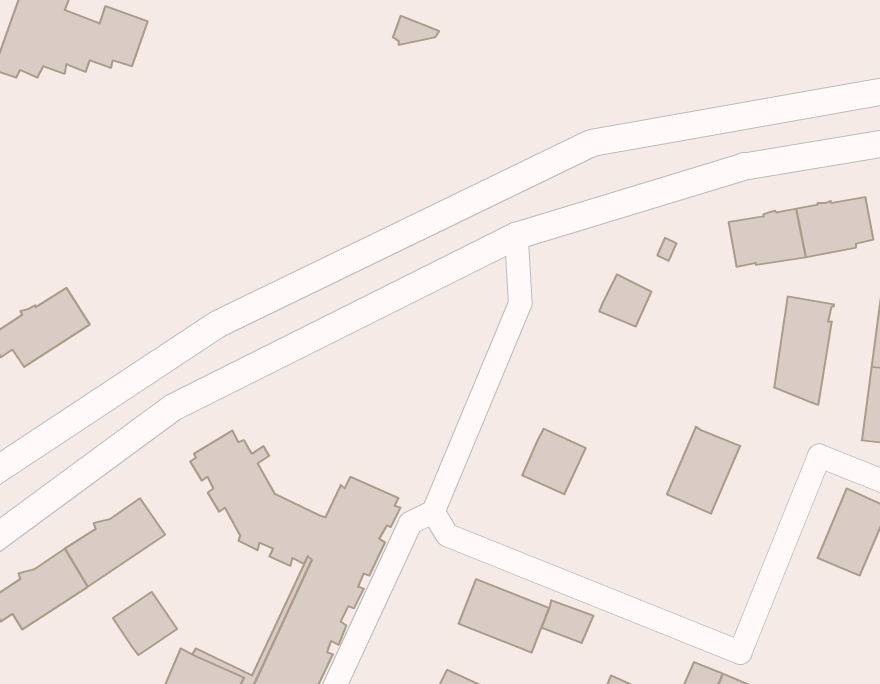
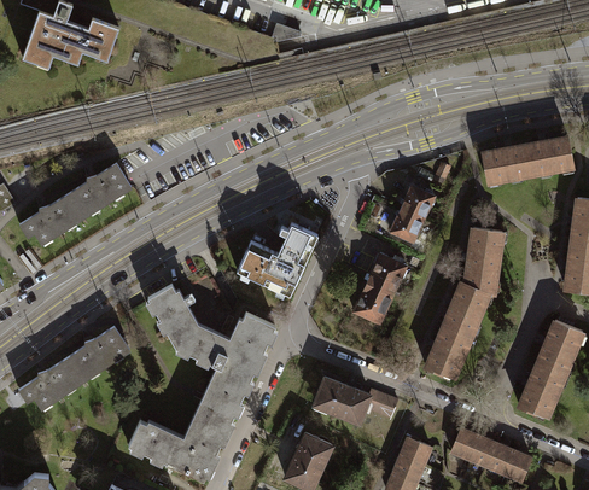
building: none -> [68,163,130,217]
building: [774,297,834,405] -> [465,227,502,294]
building: none -> [390,209,424,243]
building: none -> [237,222,317,296]
building: none -> [366,253,406,294]
building: none -> [425,323,471,378]
building: none -> [519,363,564,416]
building: [113,592,177,655] -> none

